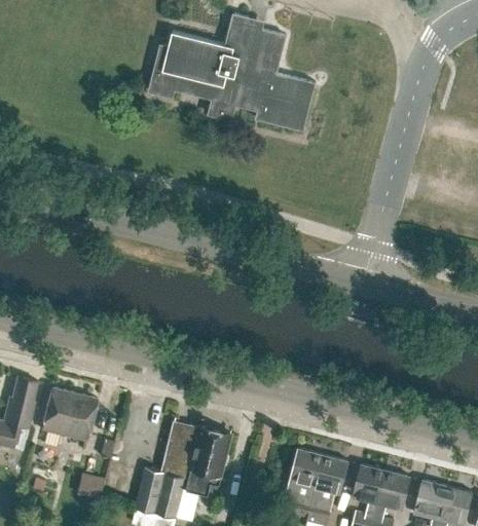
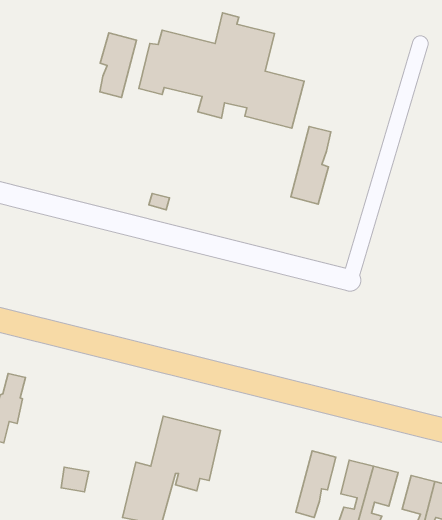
building: none -> [100,33,136,97]
building: none -> [291,126,331,204]
building: [40,386,97,440] -> none
building: [287,449,324,517] -> none

